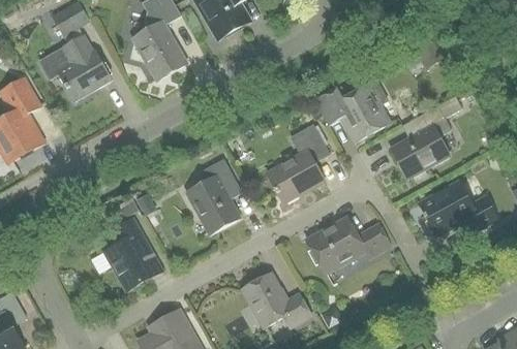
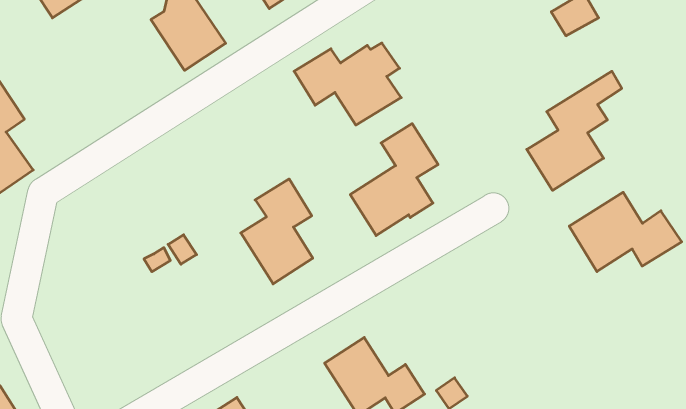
building: [40,35,111,100] -> none
building: [314,84,389,140] -> [294,43,401,125]
building: [306,217,390,274] -> none
building: [103,218,152,291] -> none

